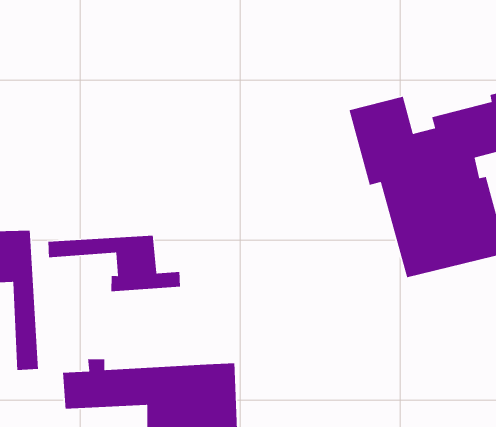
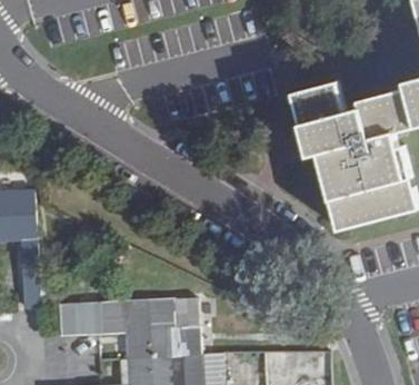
building: [47,235,181,292] -> none

